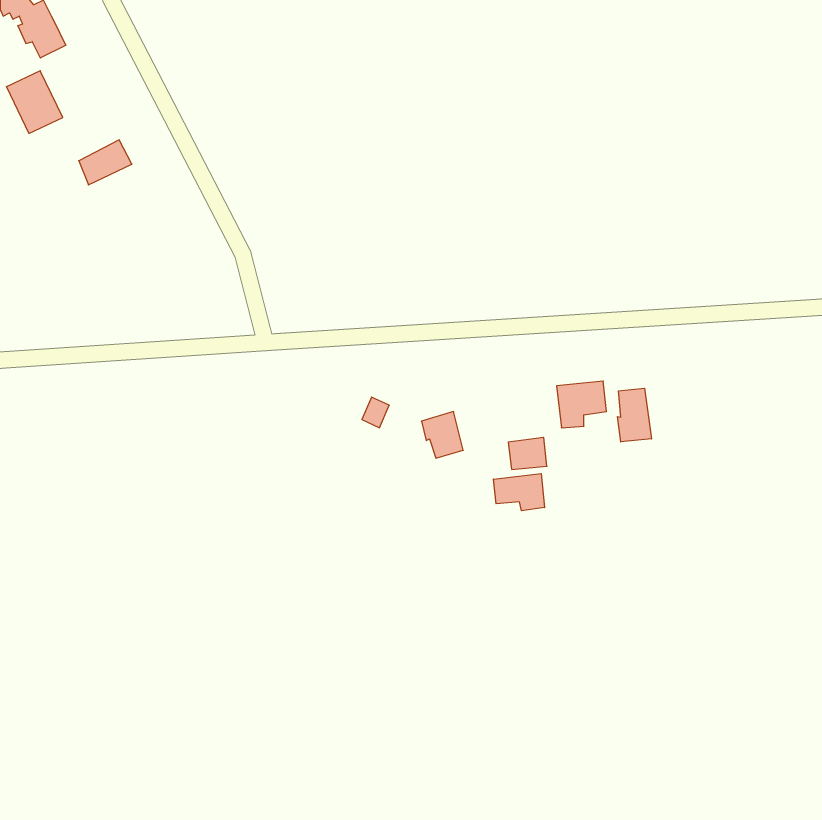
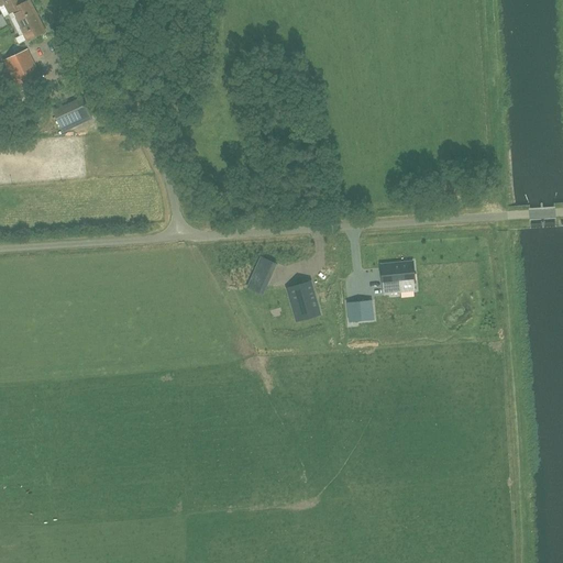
building: [617,388,651,442] -> none
building: [493,474,545,511] -> none

